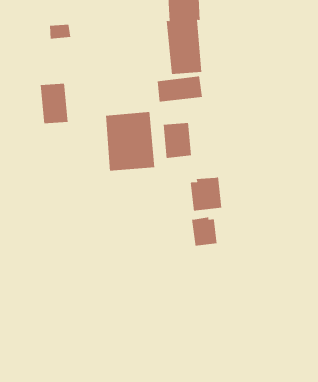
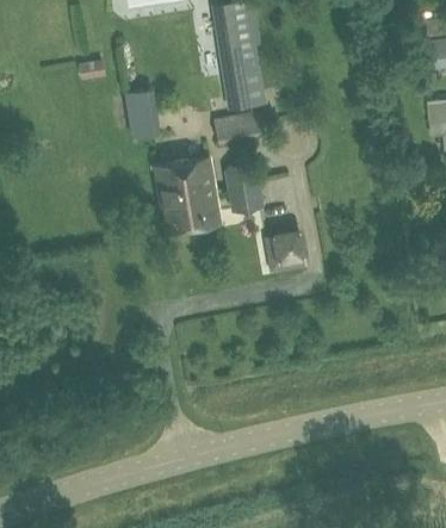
building: [40,83,68,124] -> [123,87,161,138]
building: [192,216,217,247] -> none

